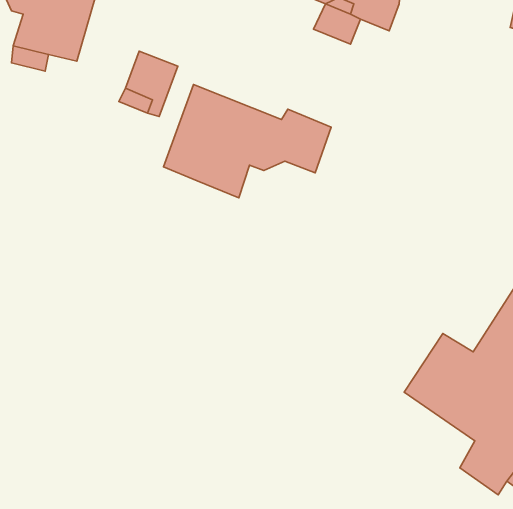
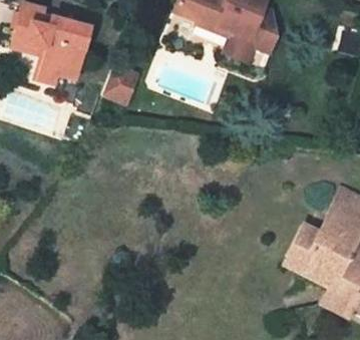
building: [164,85,331,198] -> none

